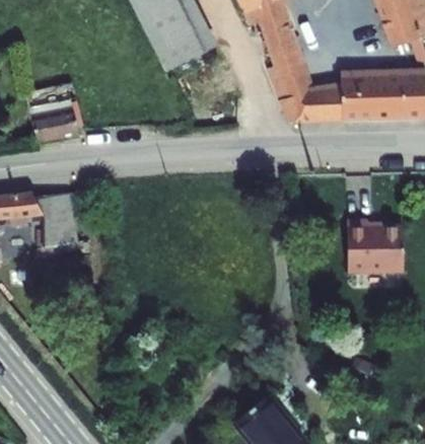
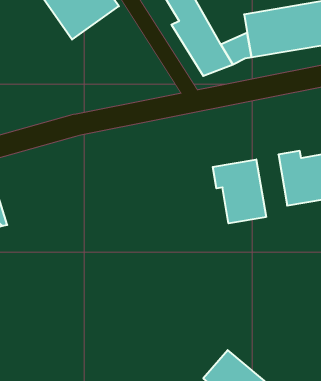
building: none -> [213,159,266,223]

